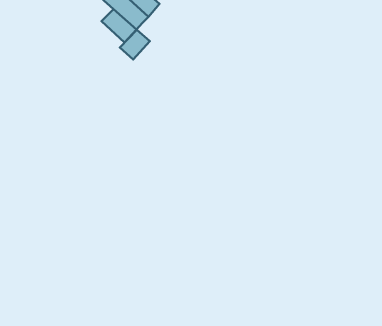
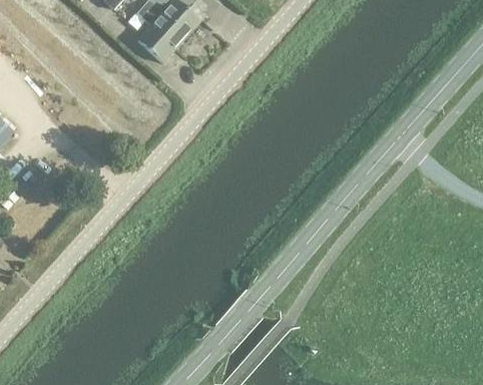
building: [120,30,150,59] -> none

